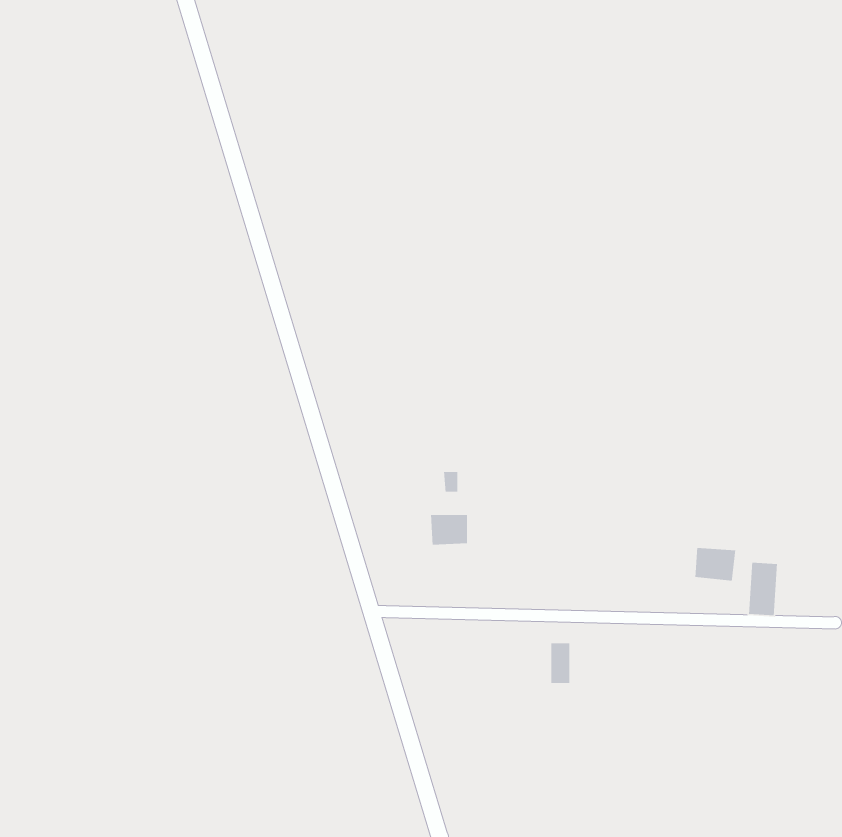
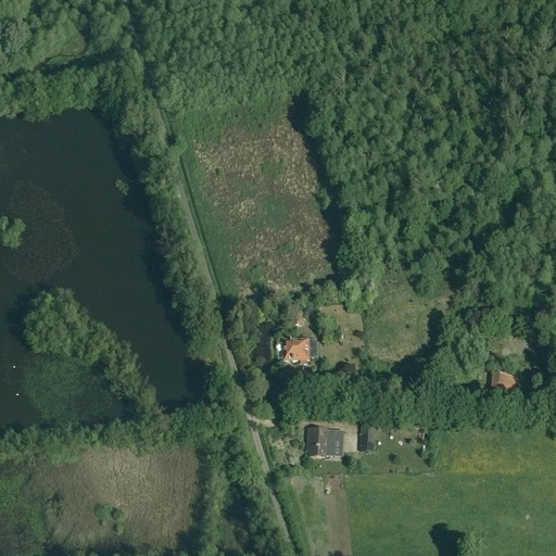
building: [694,547,736,582] -> none
building: none -> [307,428,351,455]

